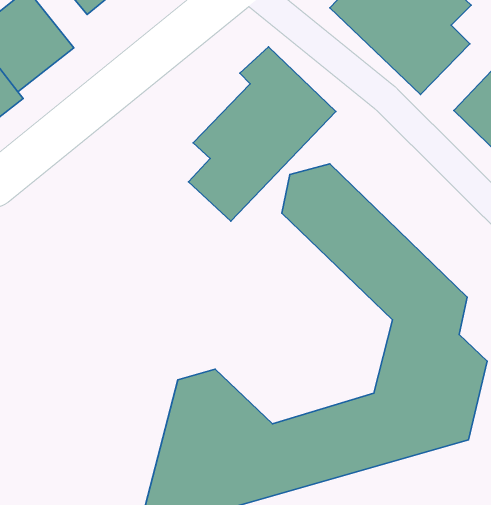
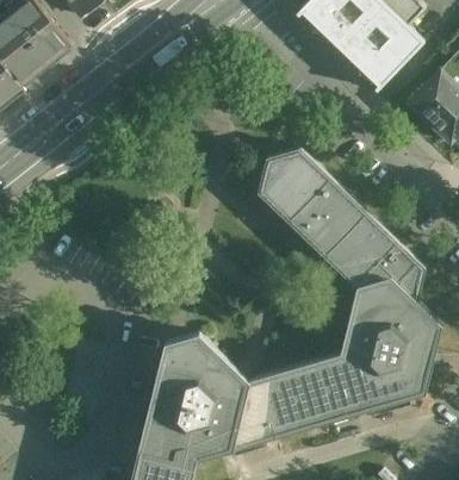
building: [189,47,336,221] -> none

